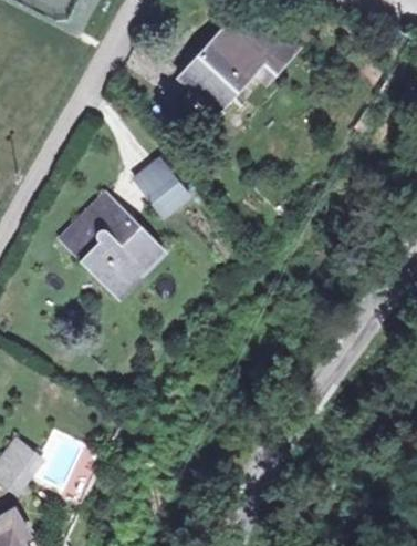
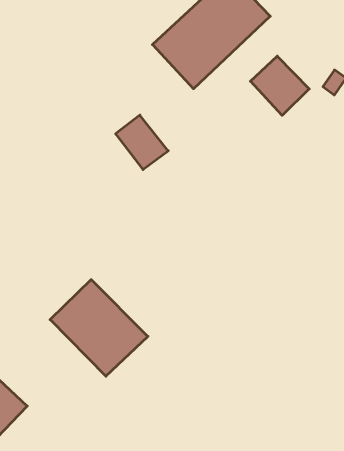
building: none -> [250,56,309,115]
building: [61,196,164,298] -> [50,280,148,376]

